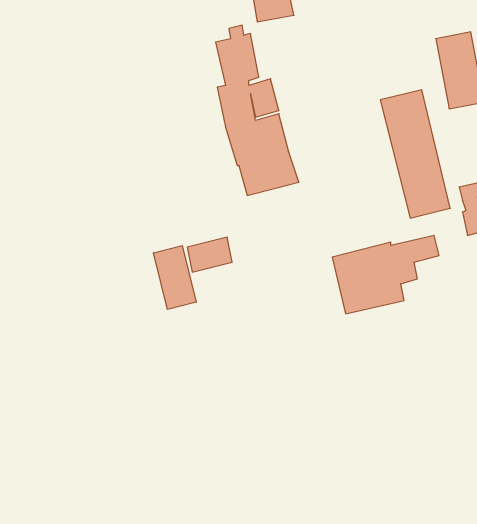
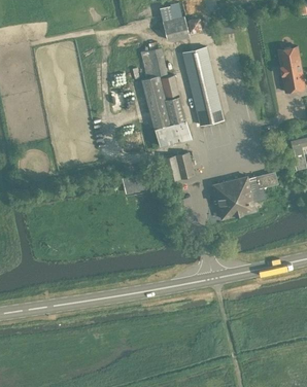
building: [380,90,450,218] -> [181,46,225,126]
building: none -> [164,151,195,181]
building: [153,246,196,309] -> none

